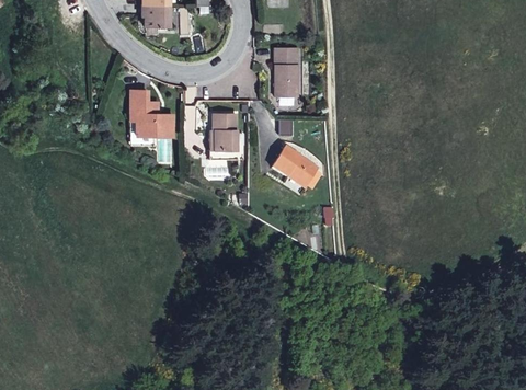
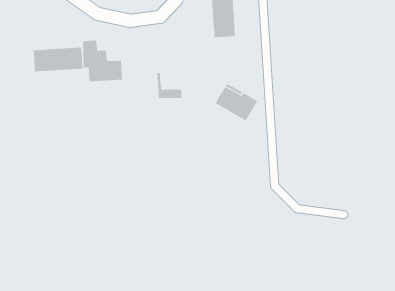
building: none -> [33,47,83,72]
building: [213,113,237,149] -> none

